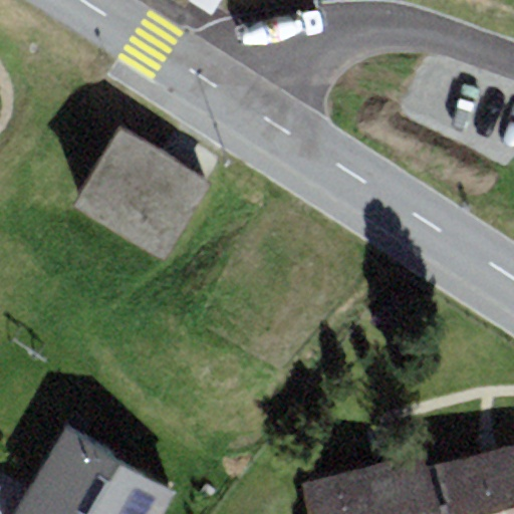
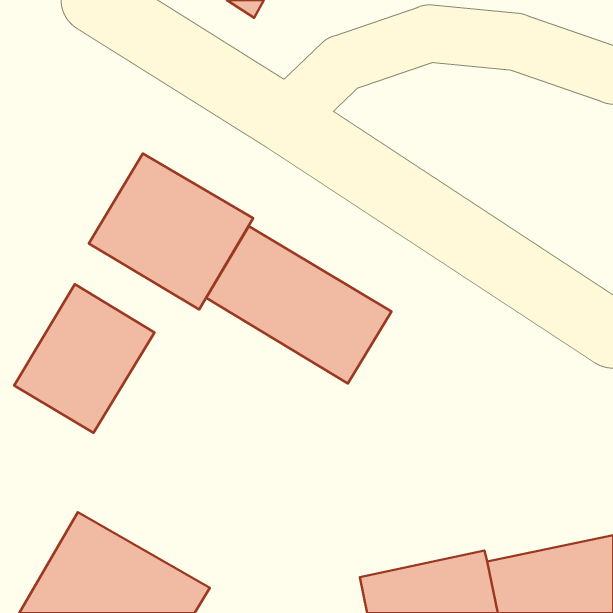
building: none -> [206,226,392,383]
building: none -> [14,284,155,433]

